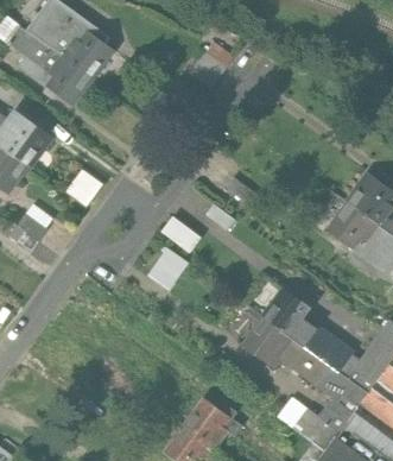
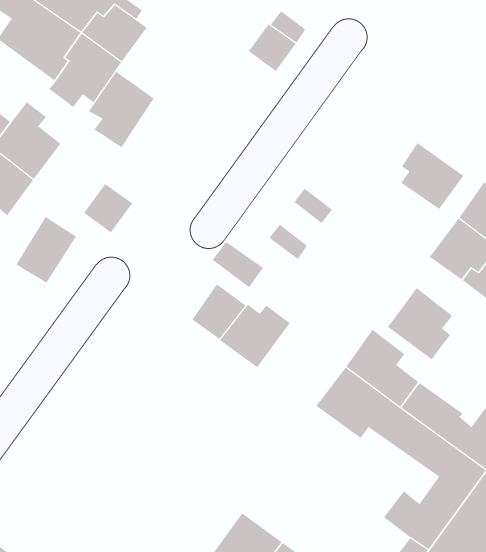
building: none -> [88,71,154,148]
building: none -> [401,142,464,210]
building: none -> [387,287,453,360]
building: none -> [219,304,291,368]
building: [185,398,241,446] -> none

